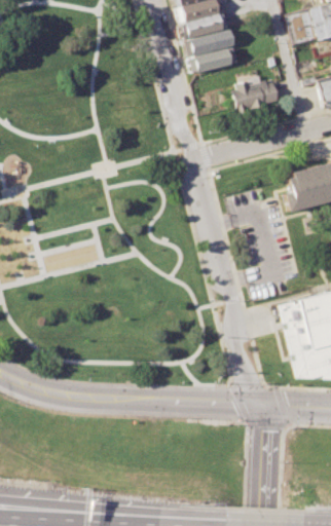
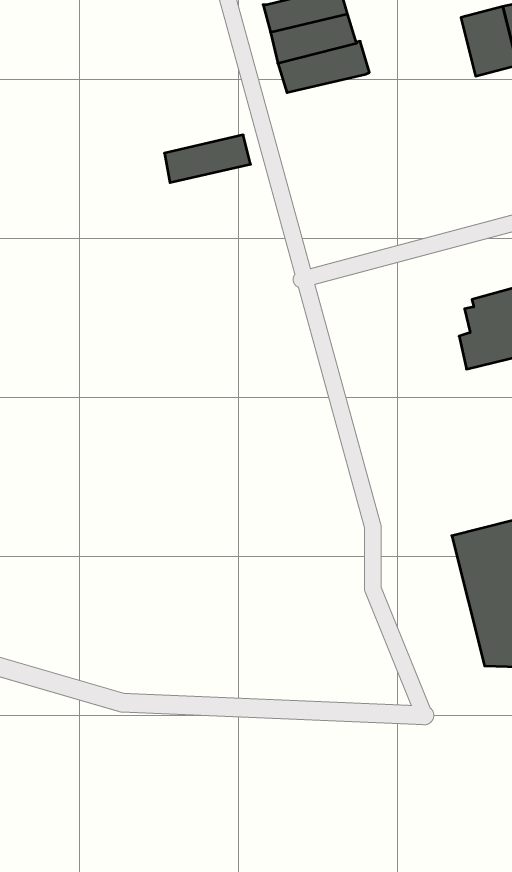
building: [189,46,237,73] -> [164,135,251,183]
building: [233,75,280,111] -> none

